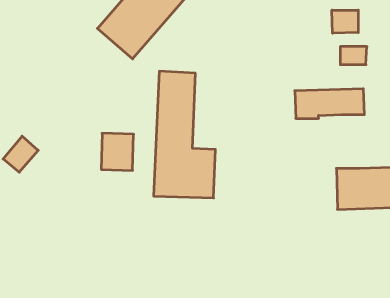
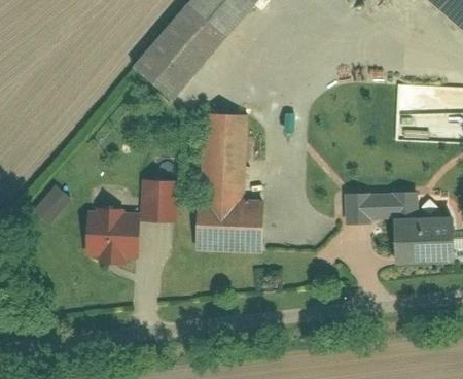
building: [332,10,358,33] -> none
building: [295,89,364,118] -> [344,191,419,222]
building: none -> [87,210,138,263]

